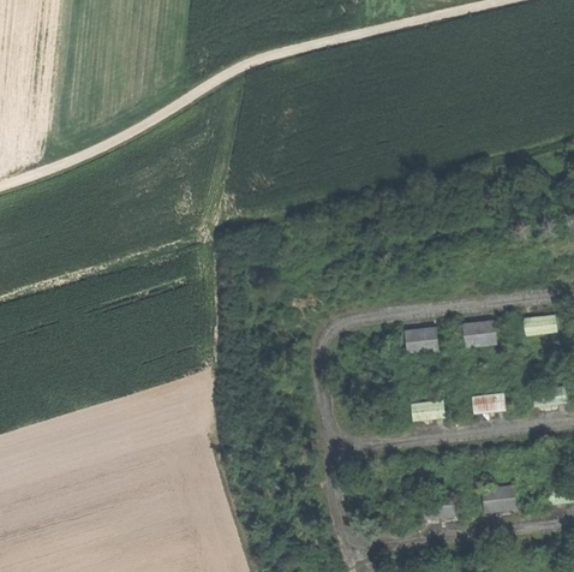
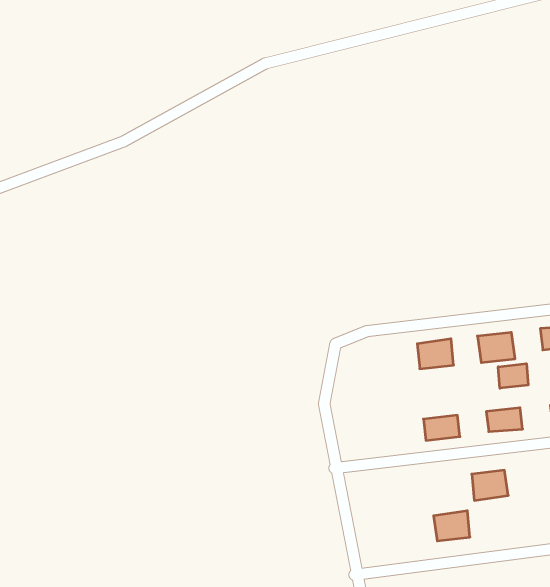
building: none -> [498,364,528,388]
building: [482,485,516,514] -> [472,470,508,500]

